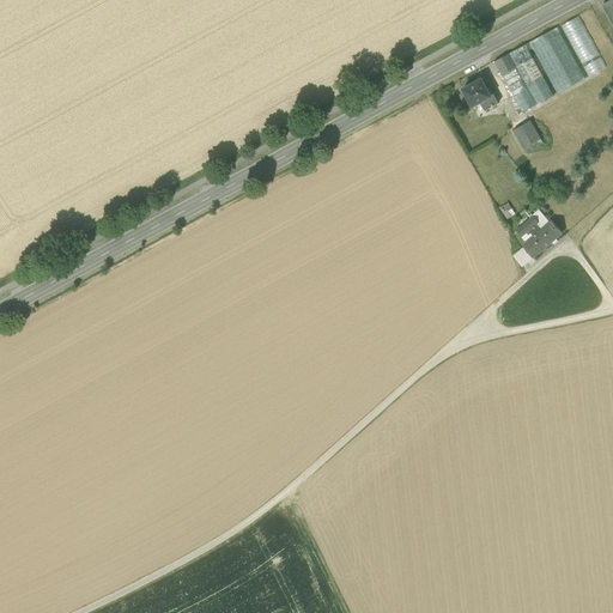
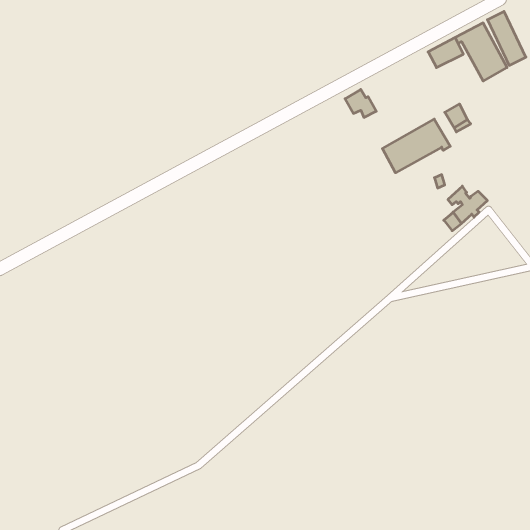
building: [503,62,553,113] -> none
building: [462,78,498,110] -> [345,89,376,117]
building: none -> [382,119,450,173]

